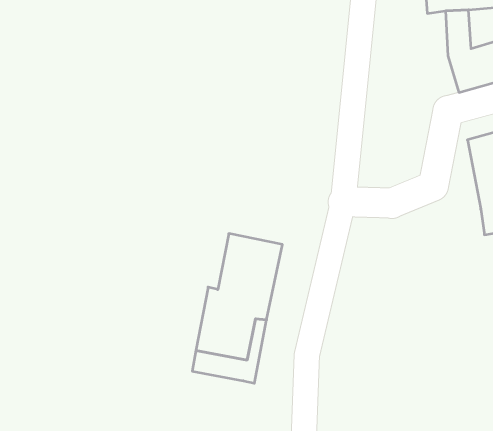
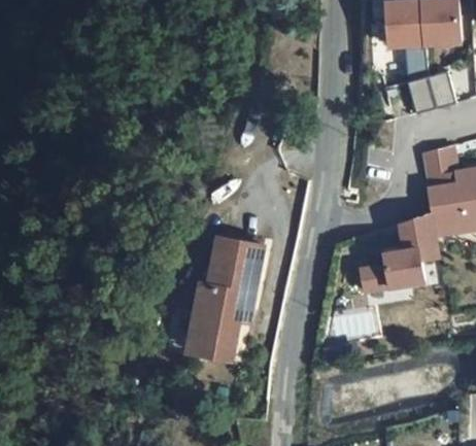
building: none -> [361,215,438,293]

